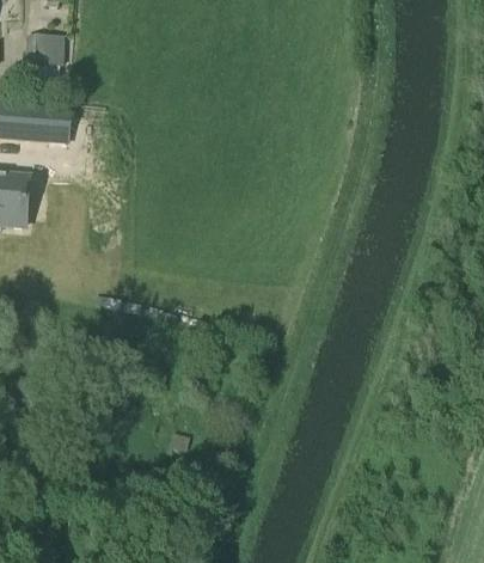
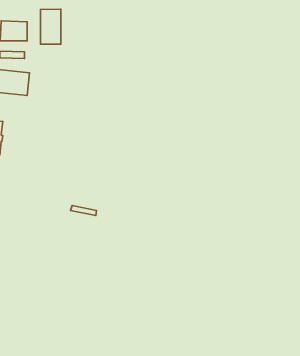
building: none -> [40,9,61,44]

